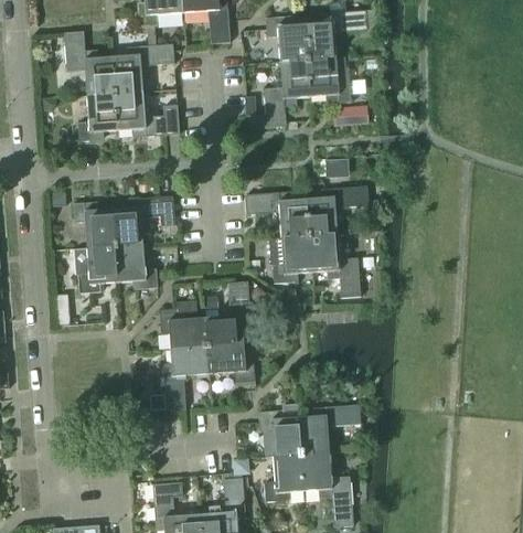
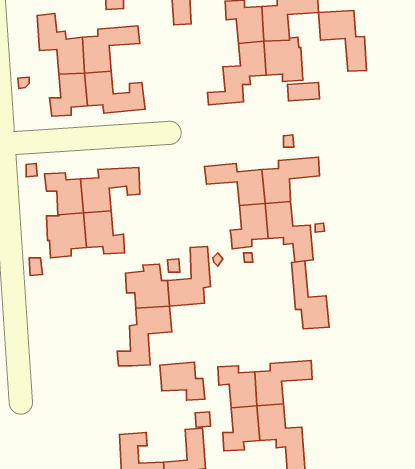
building: none -> [318,10,366,71]
building: none -> [291,261,329,329]
building: [206,342,255,383] -> [160,362,205,400]

